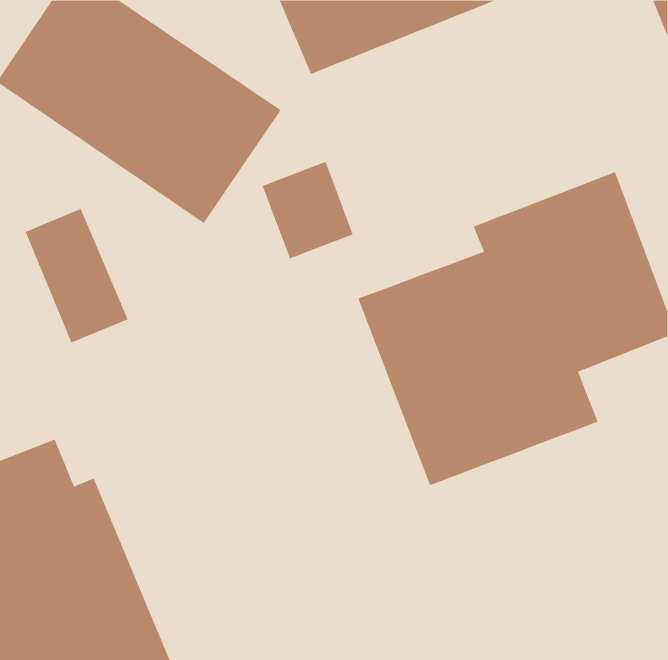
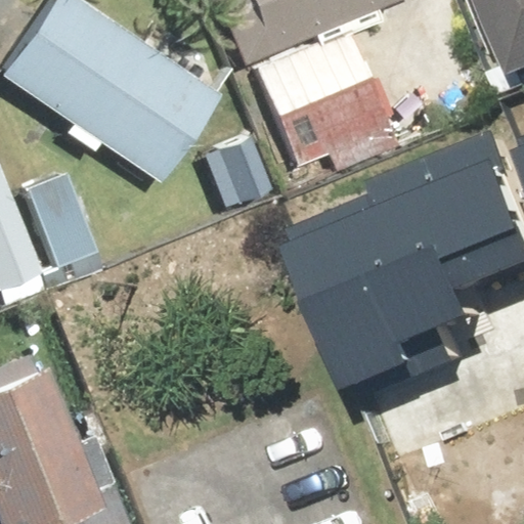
building: none -> [257,33,388,166]

